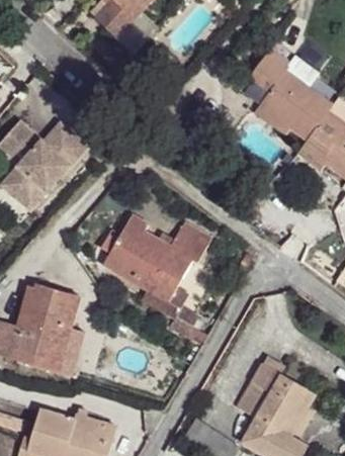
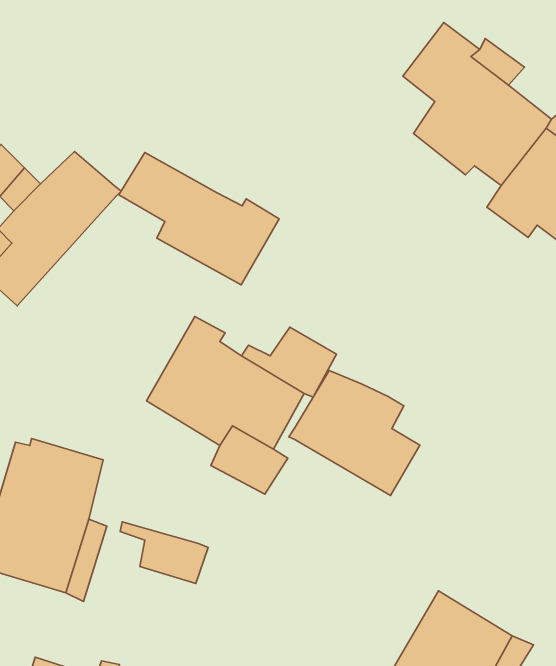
building: none -> [119,153,279,285]
building: none -> [289,370,420,495]
building: none -> [120,522,208,583]

